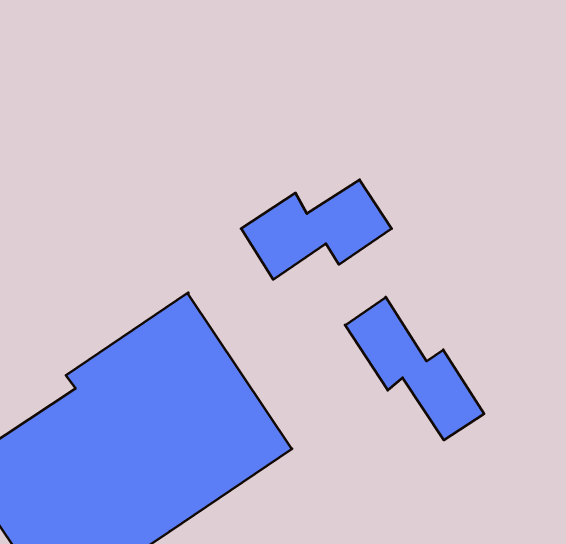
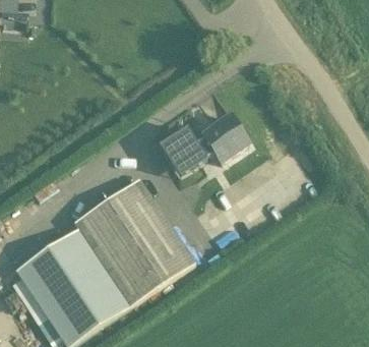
building: [345,297,484,440] -> none

